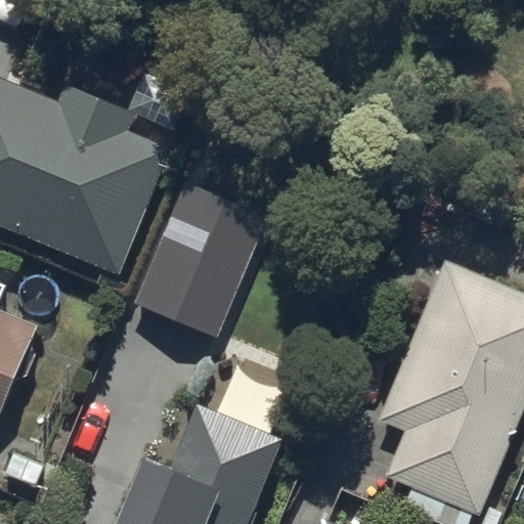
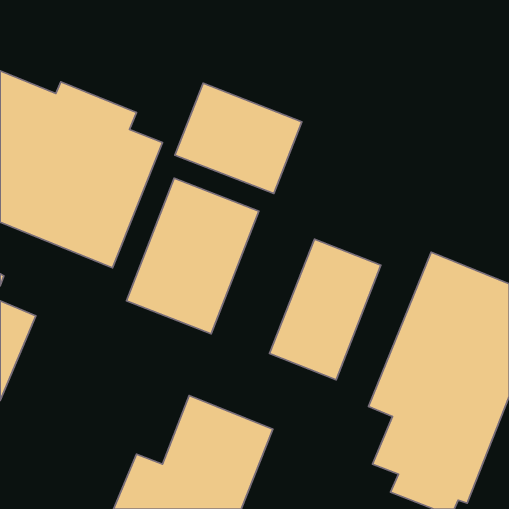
building: none -> [175,83,302,194]
building: none -> [270,239,381,380]

